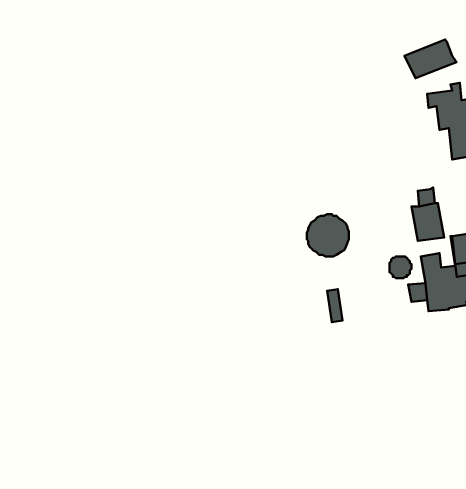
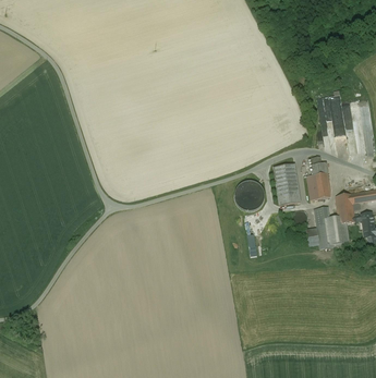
building: [404,39,456,78] -> none
building: none -> [274,163,300,205]

